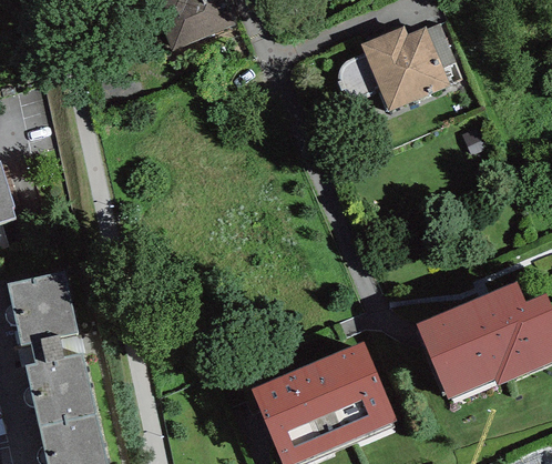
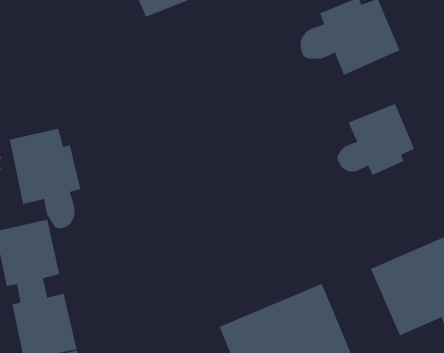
building: none -> [337,103,415,176]
building: none -> [9,128,81,229]

